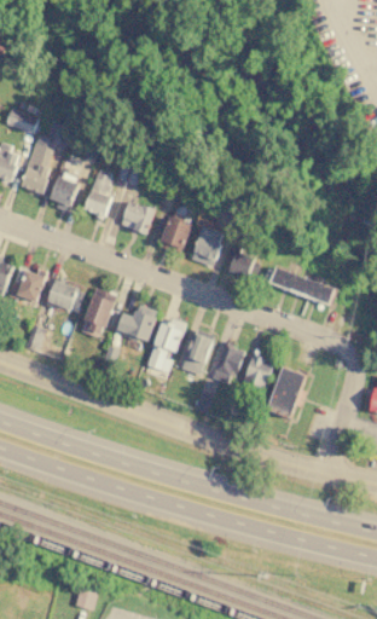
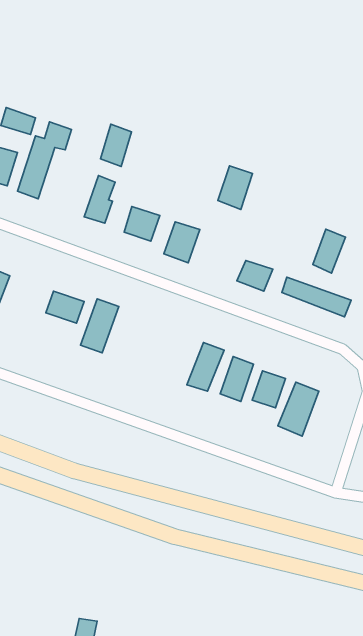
building: [50,169,79,209] -> [101,124,131,167]
building: none -> [313,229,345,273]
building: [191,226,224,267] -> [218,166,252,209]
building: [16,270,45,302] -> none
building: [116,305,157,342] -> none
building: [145,317,185,372] -> none

